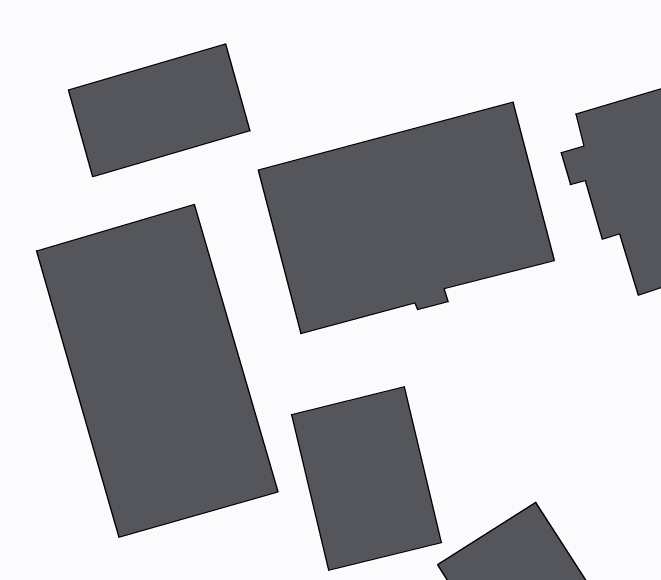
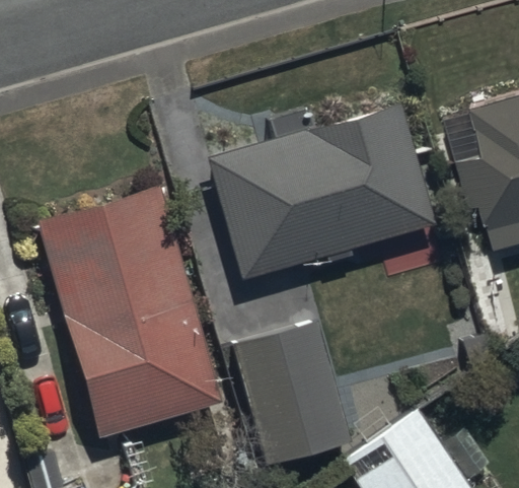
building: [68,44,250,177] -> none

